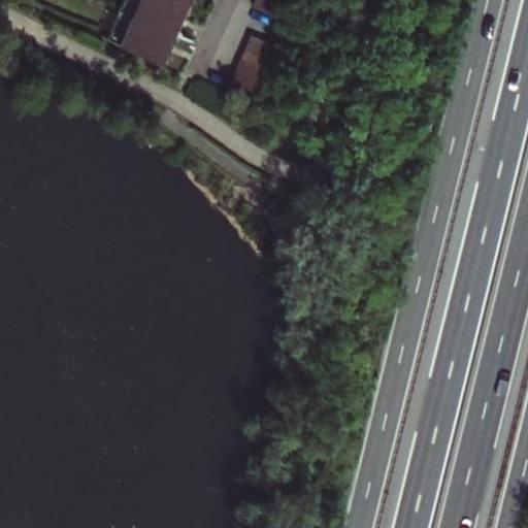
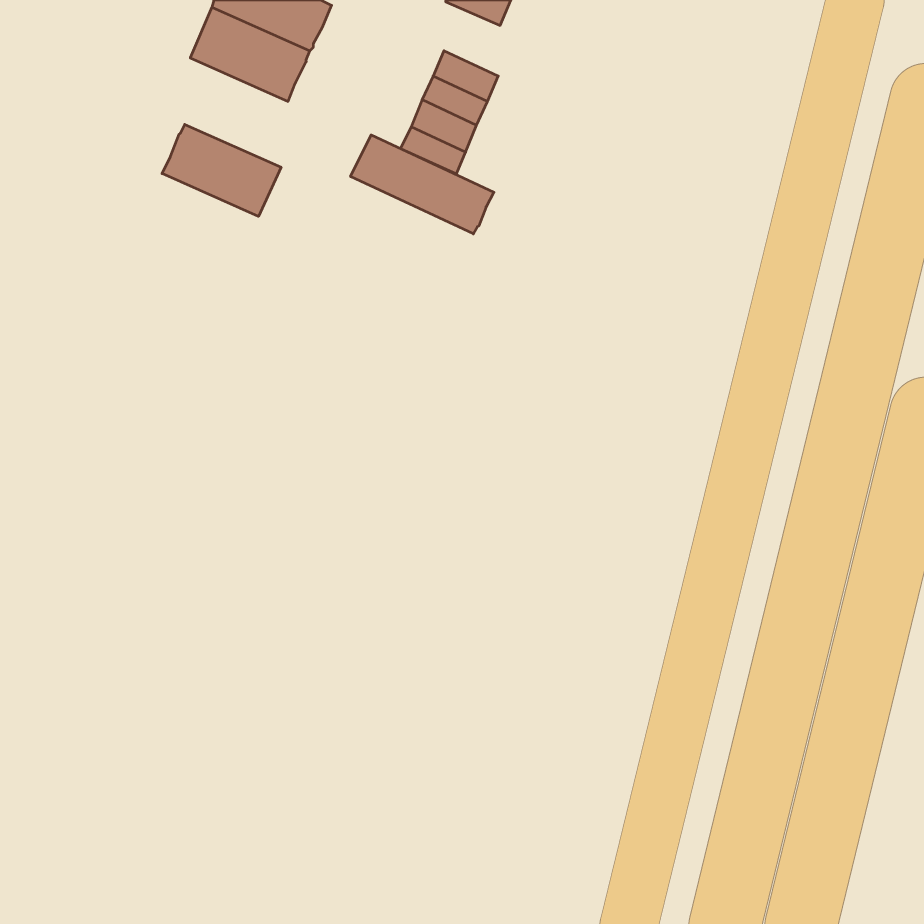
building: none -> [162,124,281,216]
building: none -> [351,135,494,234]

